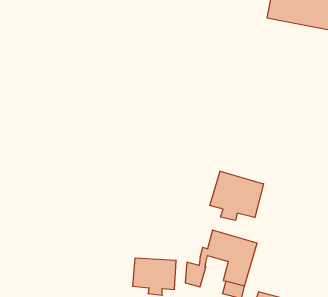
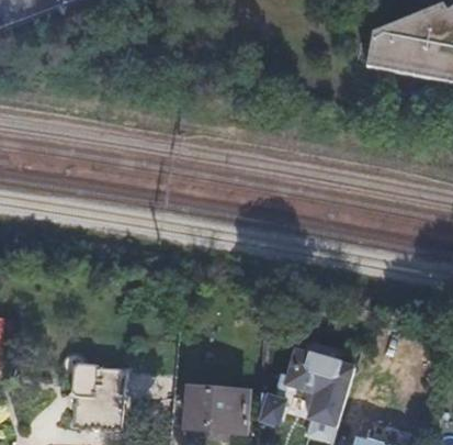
building: [210,171,264,220] -> none
building: none -> [70,363,125,426]

